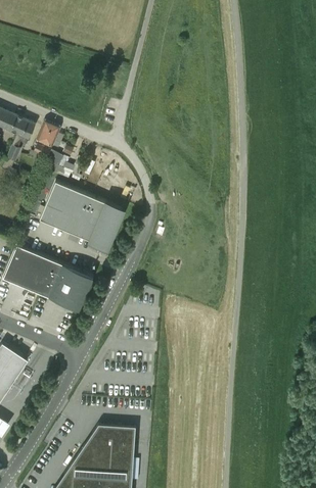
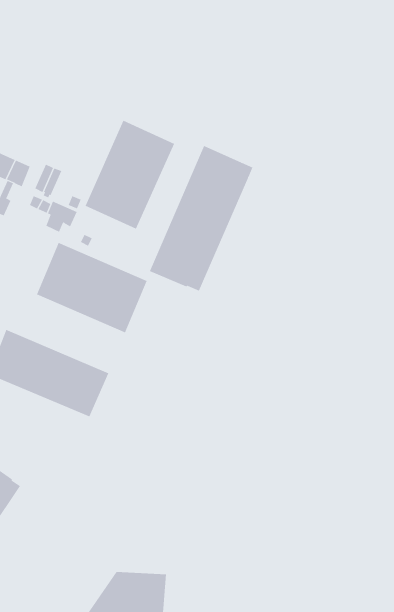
building: none -> [85,120,175,230]
building: none -> [149,145,253,292]

